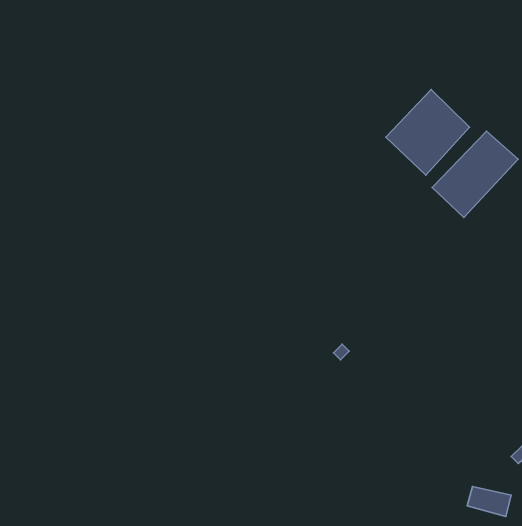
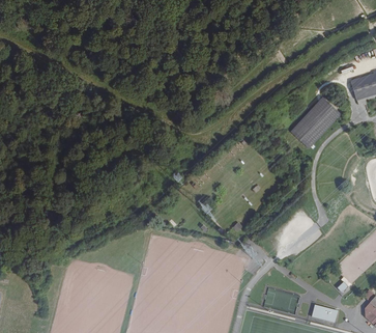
building: [386,90,469,175] -> none

